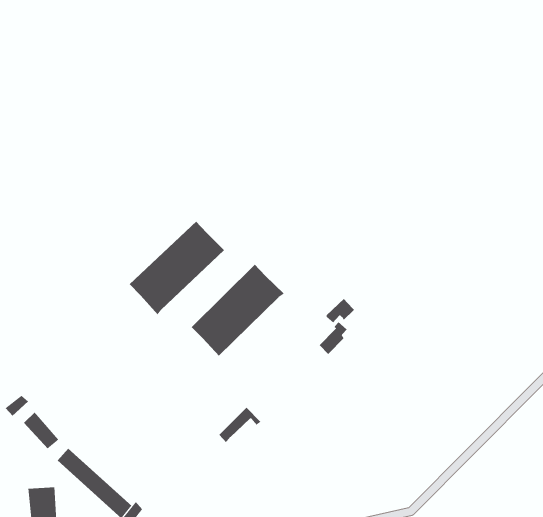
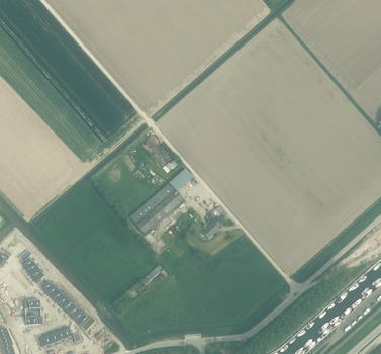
building: [129,221,225,315] -> none

